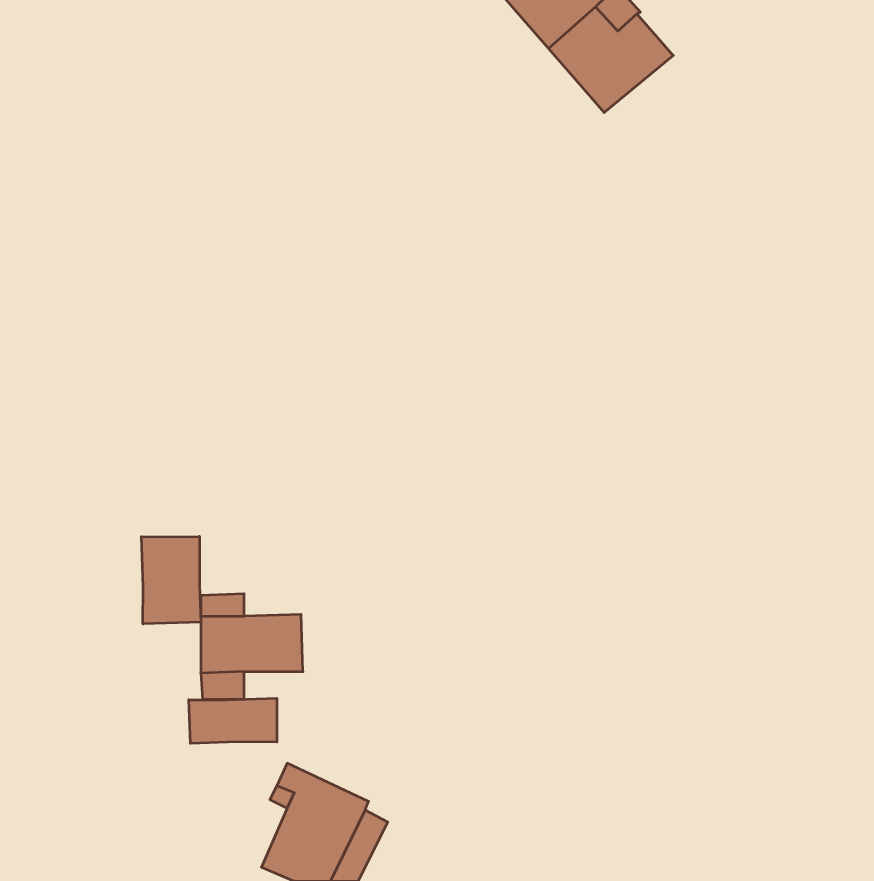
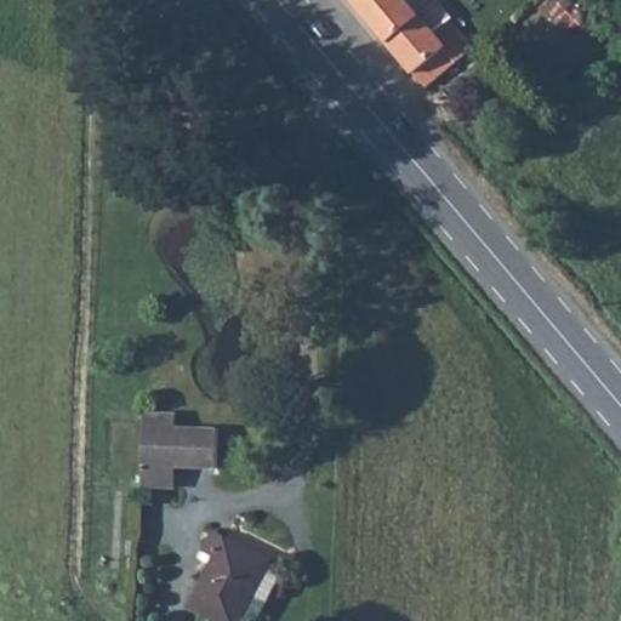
building: [141,536,201,624] -> none
building: [189,698,277,743] -> none

